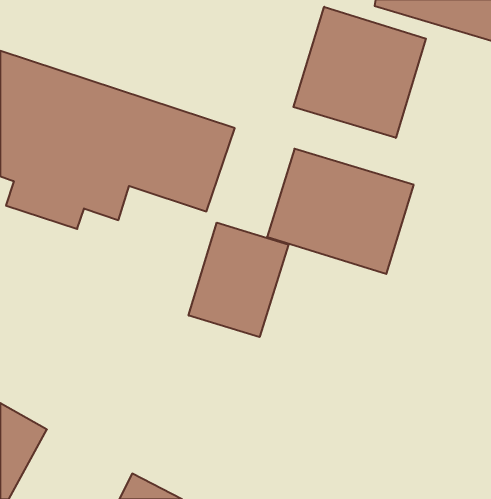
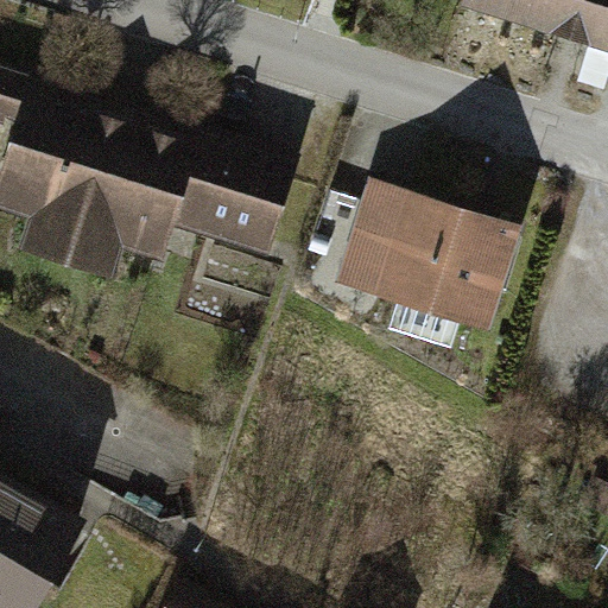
building: [293,7,426,138] -> none
building: [189,223,288,337] -> none

